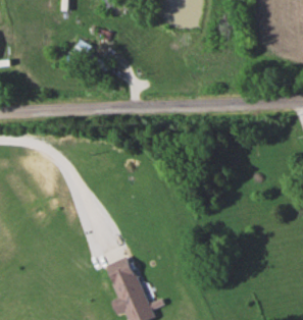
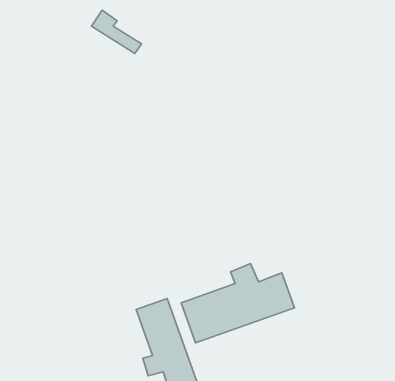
building: none -> [181,263,294,343]

